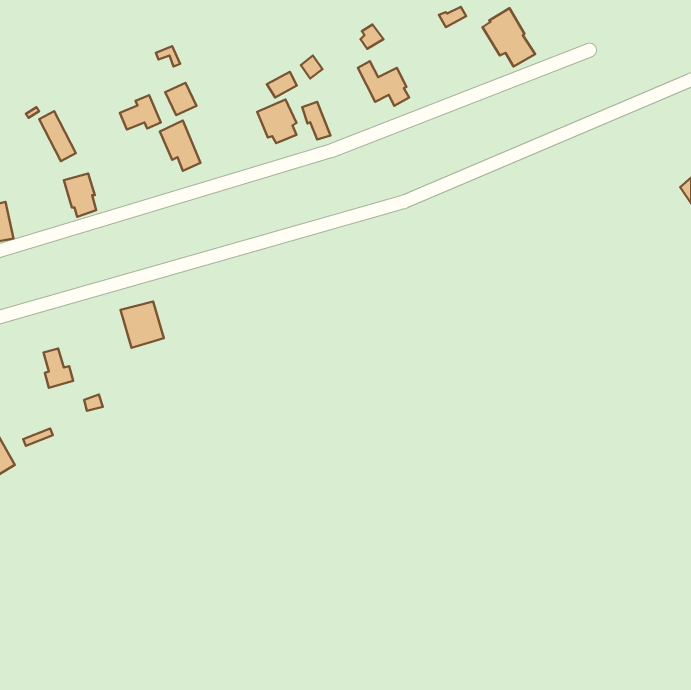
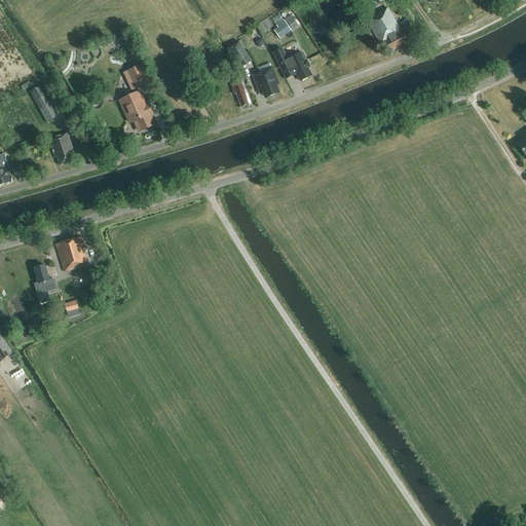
building: [120,95,161,130] -> none
building: [257,100,296,143] -> [250,65,279,98]
building: [121,302,164,348] -> [54,236,87,271]

